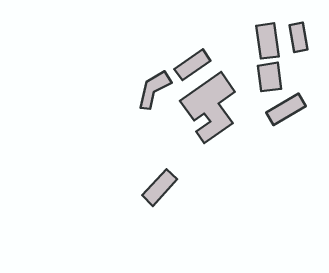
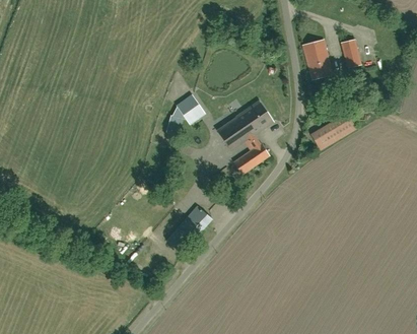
building: [174,49,211,80] -> none
building: [258,63,281,91] -> none

